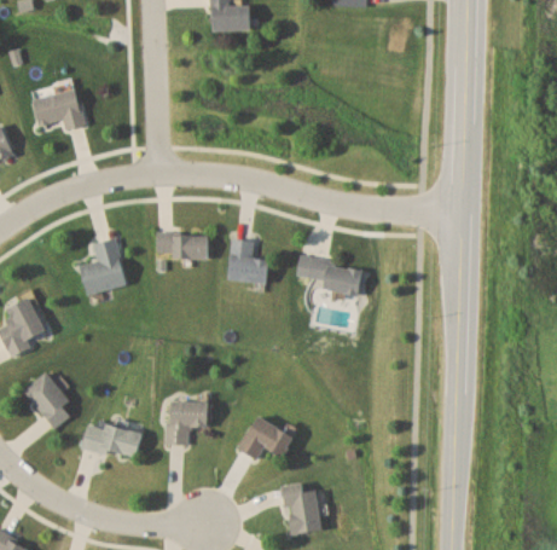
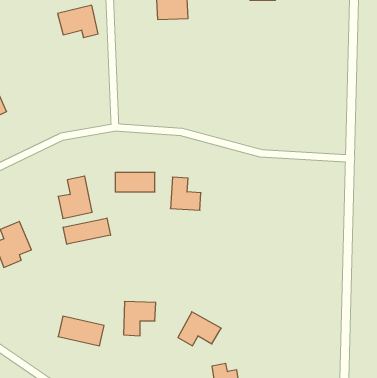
building: [31,87,85,129] -> [58,5,98,38]
building: [296,256,364,295] -> none
building: none -> [63,218,111,244]
building: [23,371,70,428] -> none

